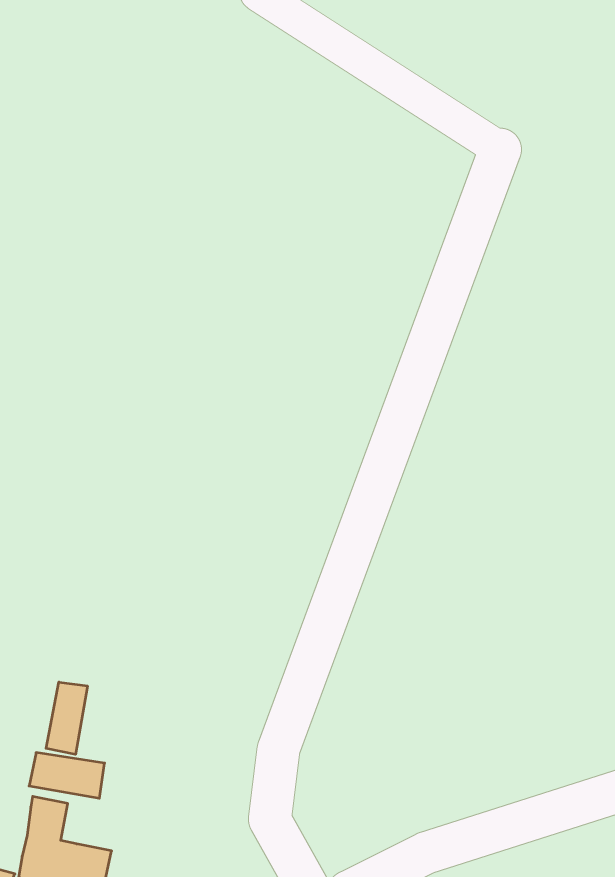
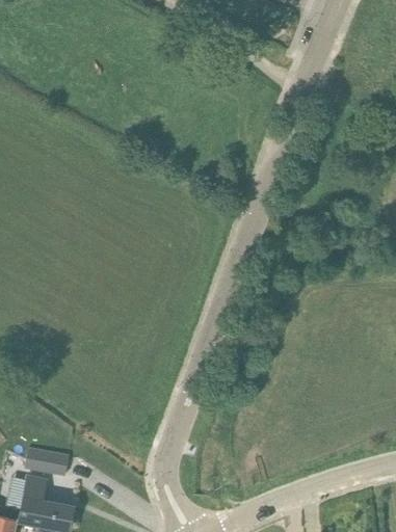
building: [46,682,87,754] -> none

